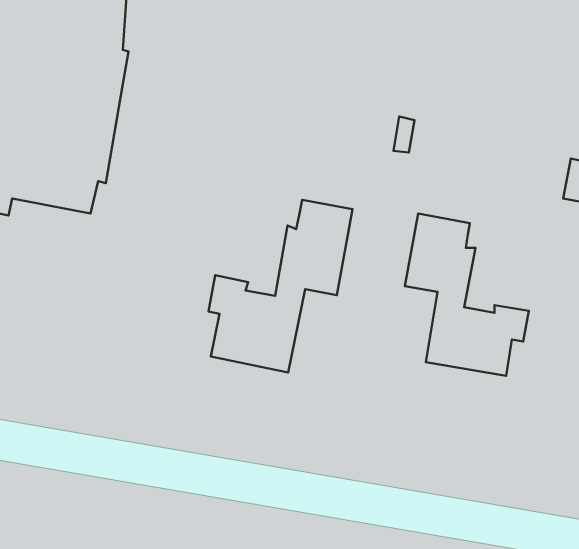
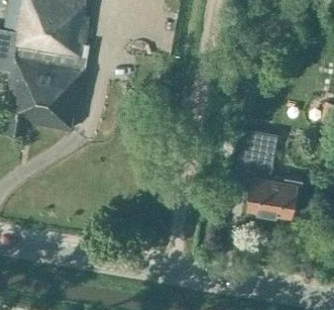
building: [208,200,353,373] -> none

